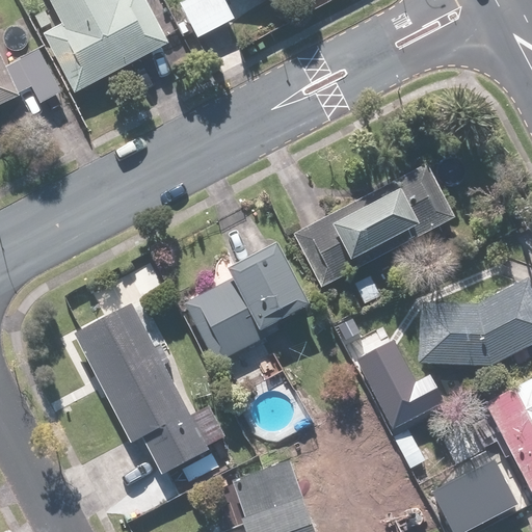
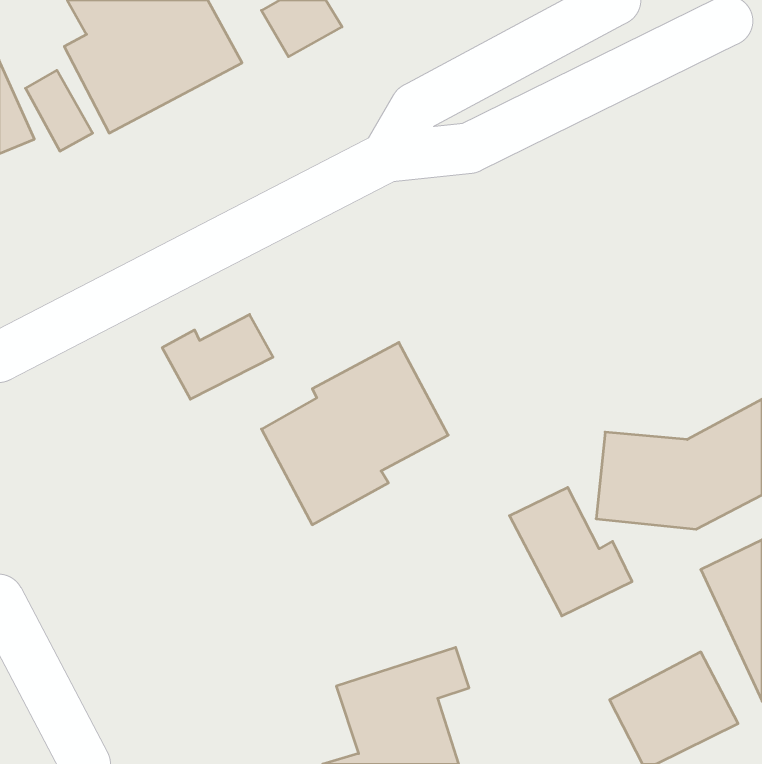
building: [292,161,455,287] -> none
building: none -> [162,314,273,399]
building: [75,302,225,472] -> none

